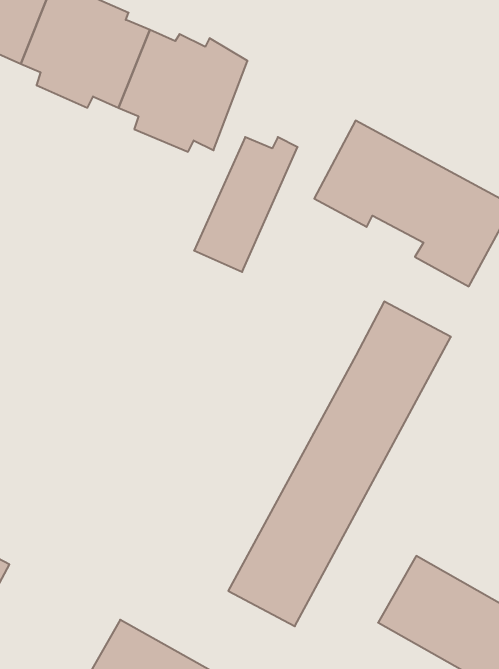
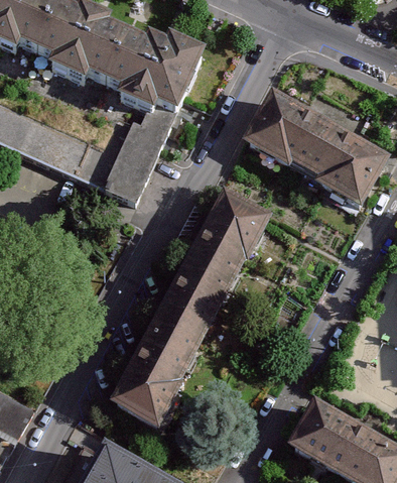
building: [194,137,298,272] -> [103,106,176,202]
building: [228,301,451,626] -> [111,191,269,421]

